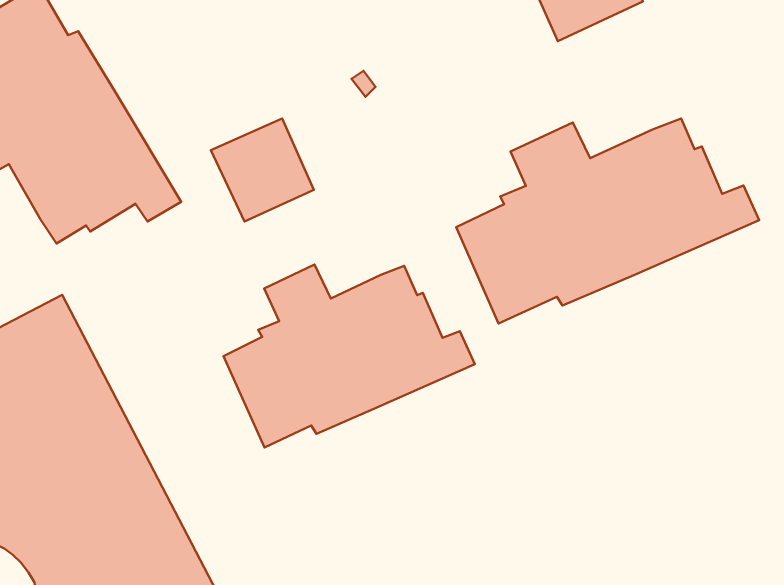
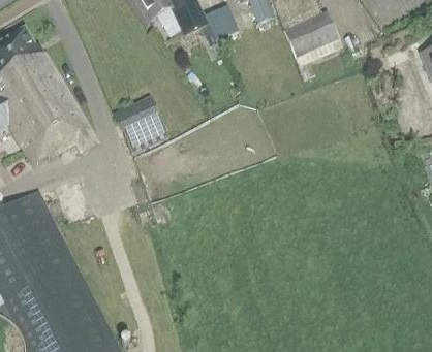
building: [456,118,759,323] -> none
building: [224,265,475,447] -> none

